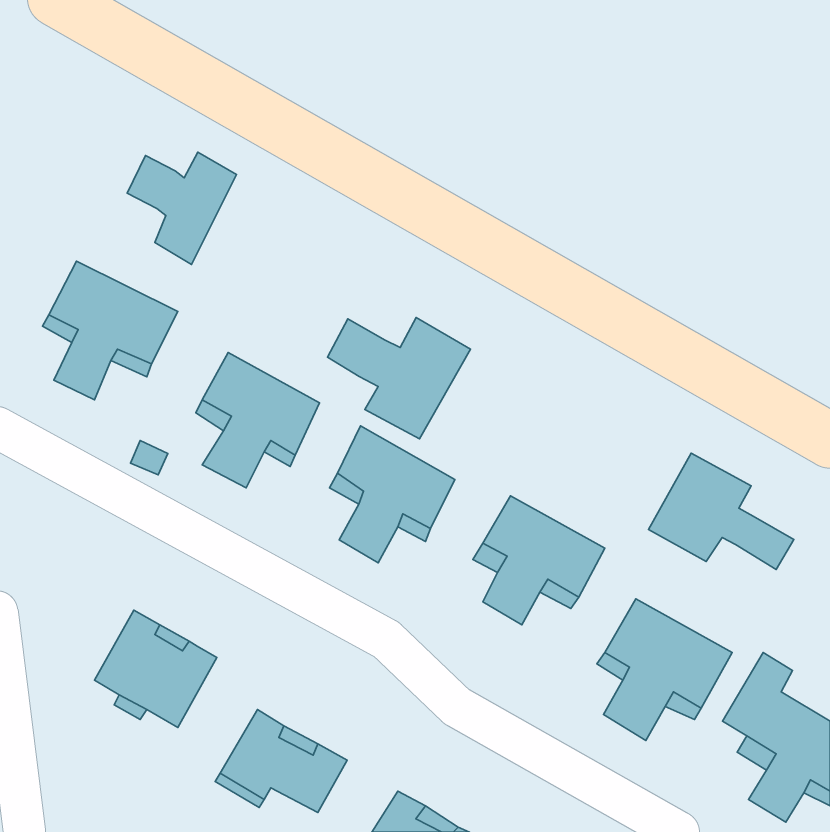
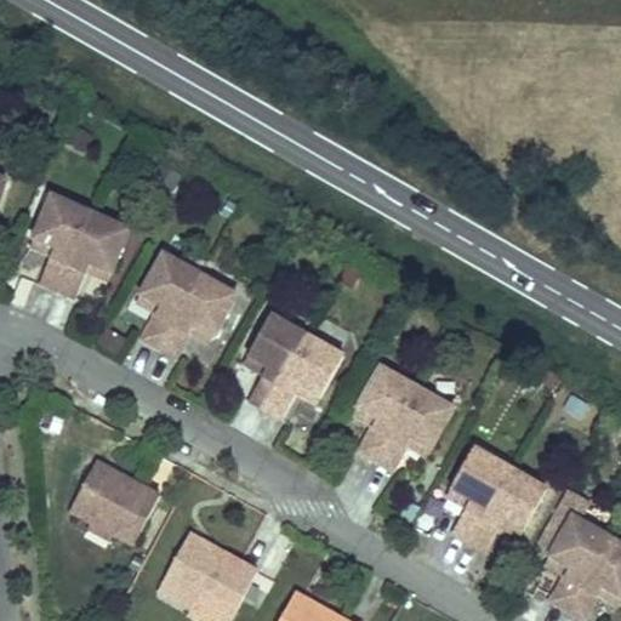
building: [127,152,237,265] -> none
building: [327,317,470,439] -> none
building: [649,453,794,570] -> none

